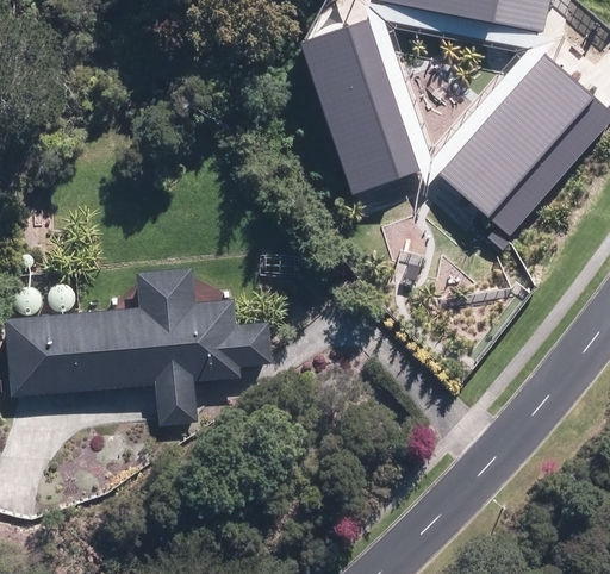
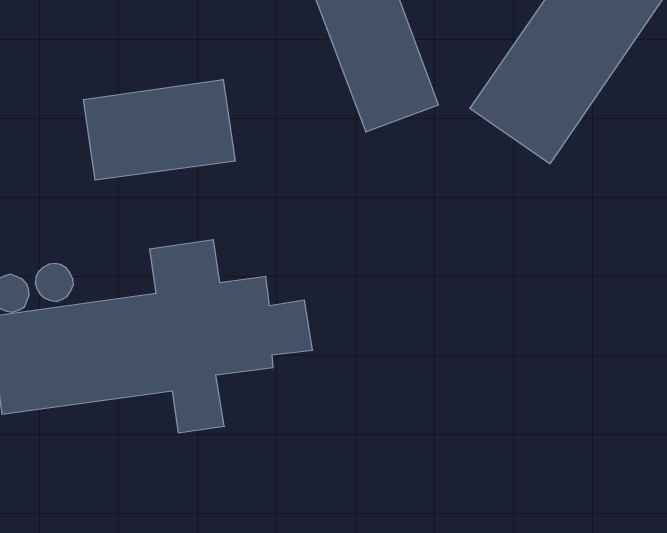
building: none -> [83,79,235,180]

